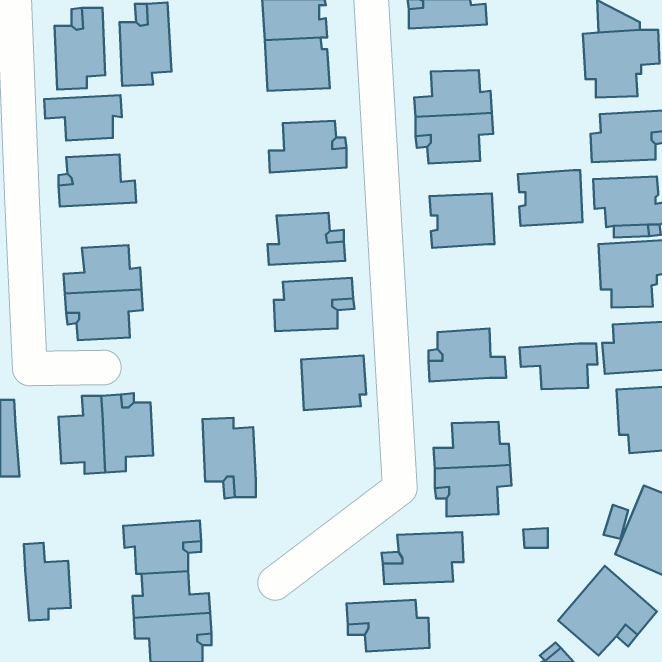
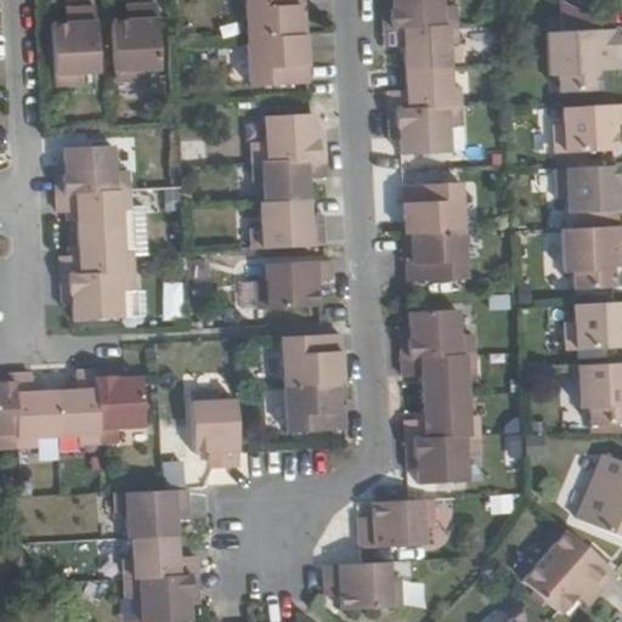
building: none -> [384,23,458,67]
building: [44,95,122,141] -> [57,190,130,232]
building: none -> [254,157,327,202]
building: [518,170,583,226] -> [406,228,466,281]
building: [520,344,597,389] -> [403,354,476,396]
building: none -> [285,379,346,431]
building: [24,543,71,621] -> [15,373,58,446]

